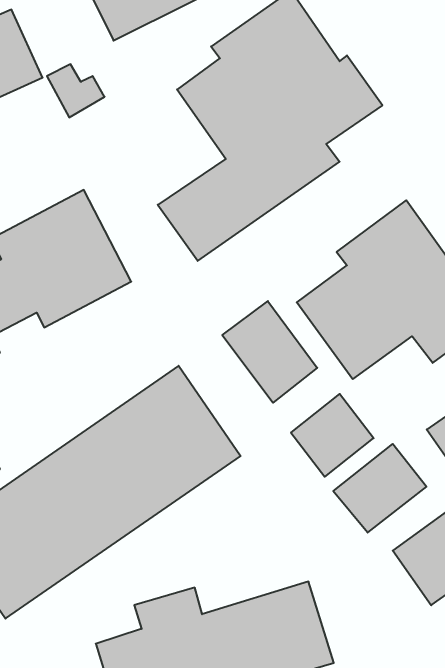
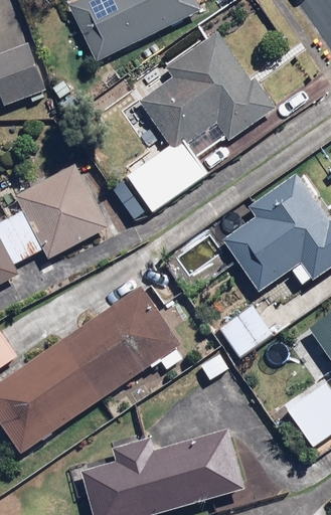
building: [222,301,317,403] -> none
building: [333,444,426,533] -> none

